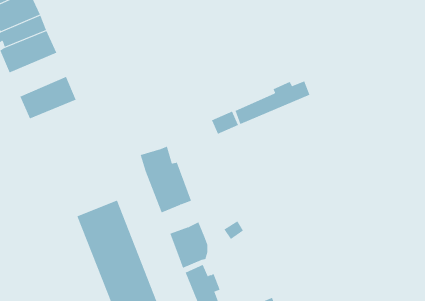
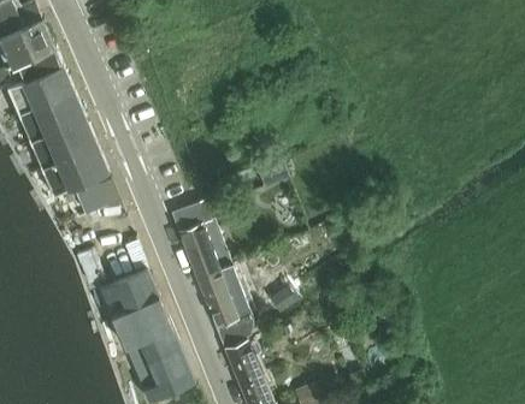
building: none -> [18,91,85,143]
building: [235,81,310,125] -> none
building: none -> [42,147,108,215]
building: none -> [197,266,242,304]

